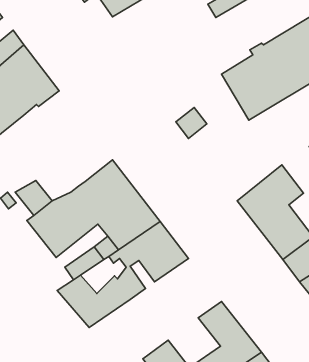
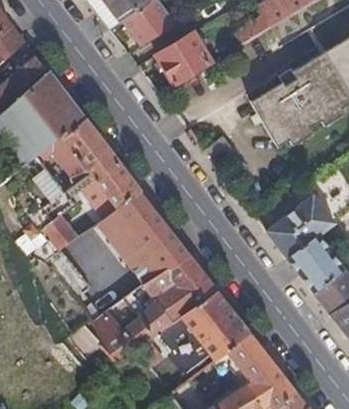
building: none -> [157,30,214,82]
building: none -> [47,116,141,216]
building: none -> [156,290,251,373]

